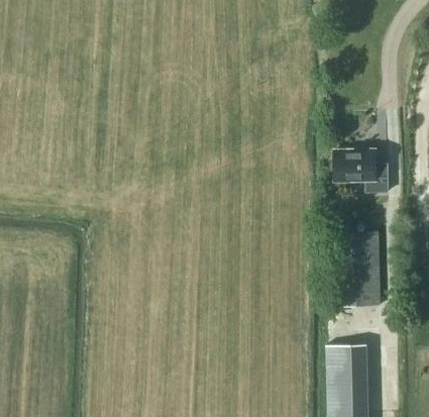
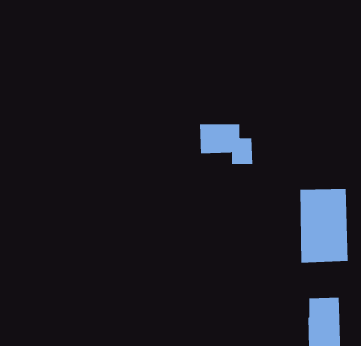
building: [330,151,385,193] -> [199,124,253,165]

